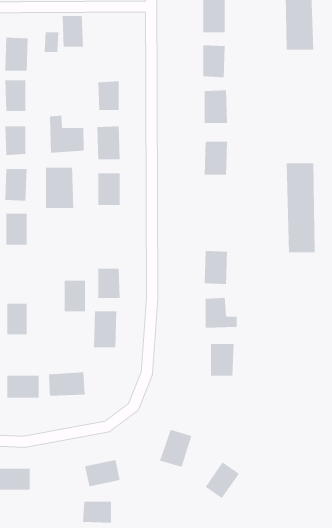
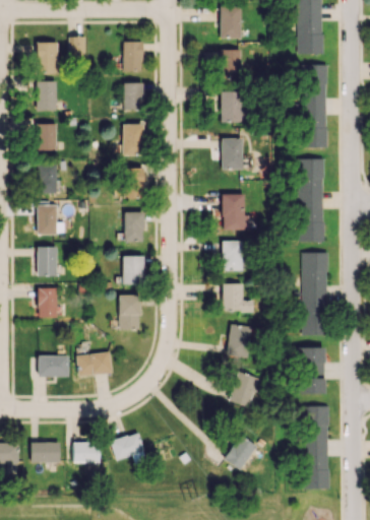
building: [62,16,84,47] -> [123,42,143,71]
building: none -> [302,64,327,147]
building: [49,115,84,153] -> none
building: [46,167,74,209] -> none
building: none -> [222,194,249,230]
building: none -> [124,212,143,242]
building: none -> [302,252,328,335]
building: [64,280,86,312] -> [38,247,58,276]
building: none -> [299,347,325,394]
building: none -> [304,405,329,490]
building: [159,429,192,468] -> [228,372,258,407]
building: [82,501,112,523] -> [73,443,101,463]

